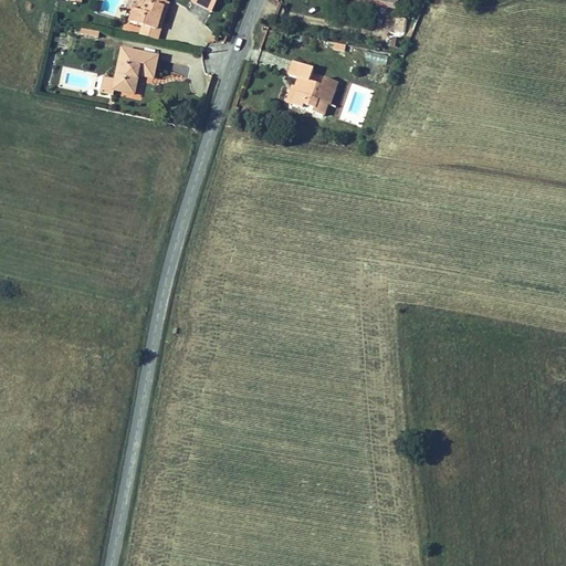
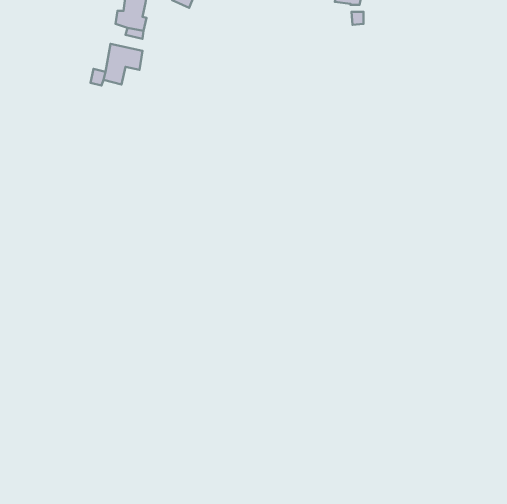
building: [285,57,334,111] -> none

